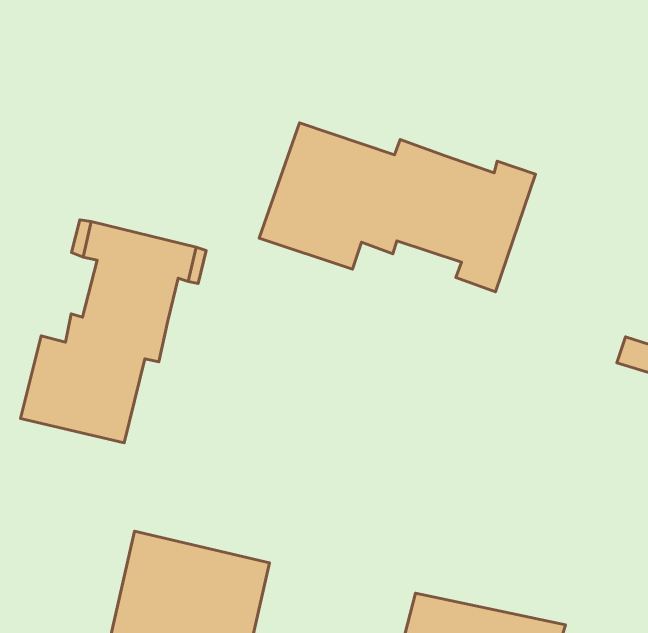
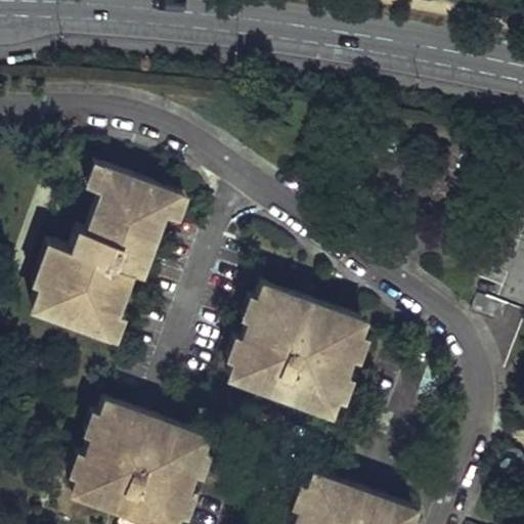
building: [259,123,536,292] -> none
building: none -> [225,285,358,411]

